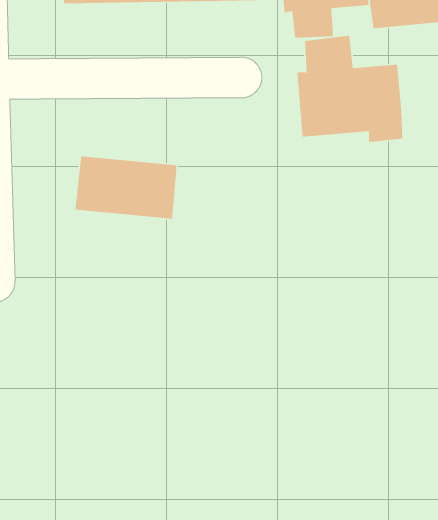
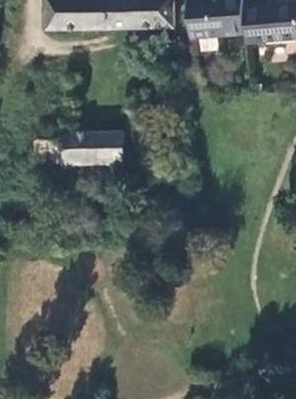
building: [296,35,403,143] -> none

